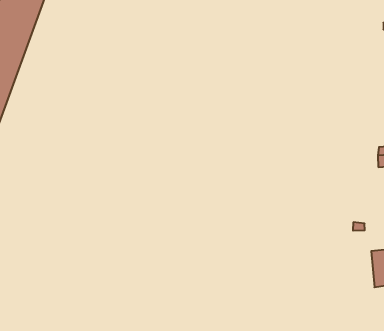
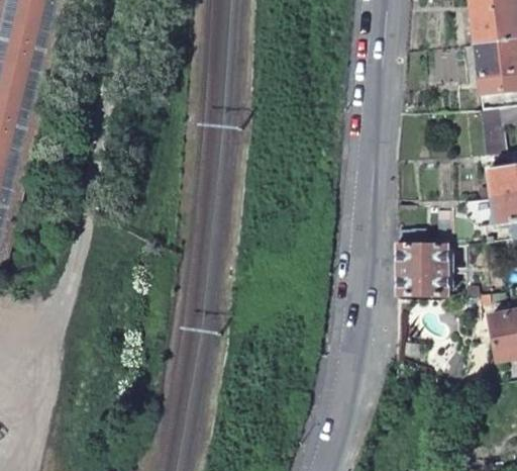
building: none -> [393,239,444,292]

